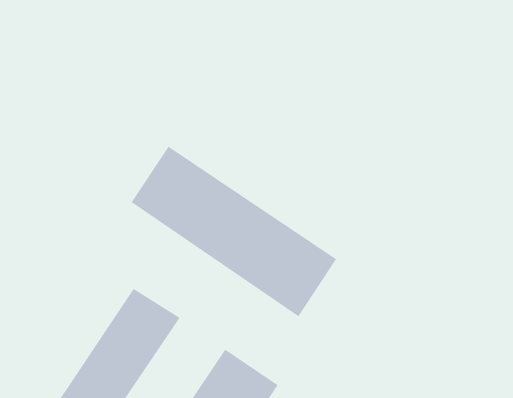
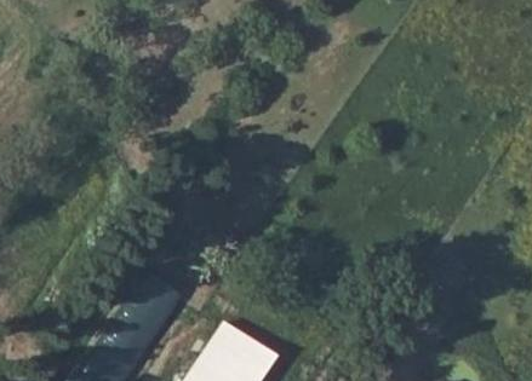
building: [131,146,337,317] -> none

